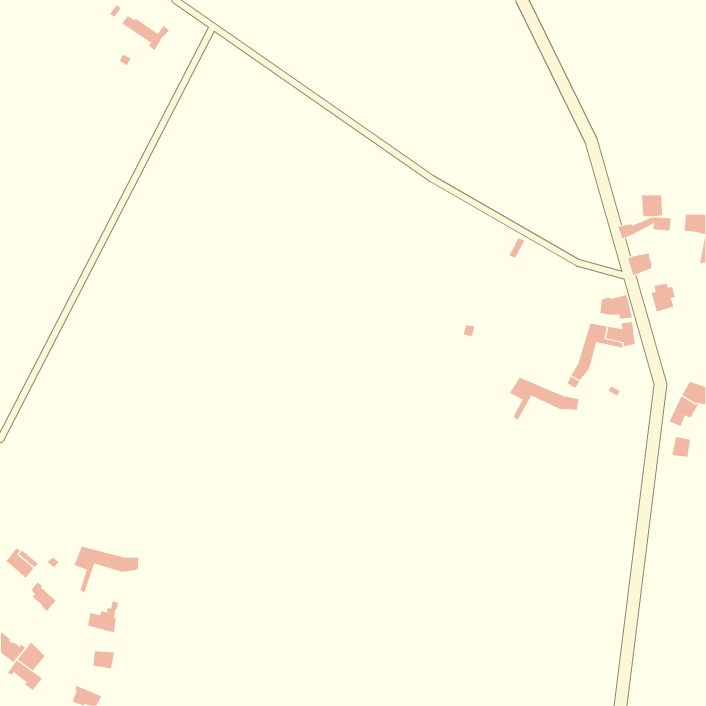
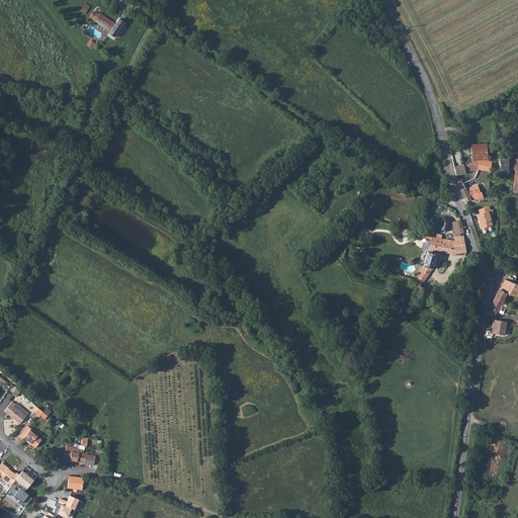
building: [509,377,579,421] -> none
building: [74,546,139,594] -> none

